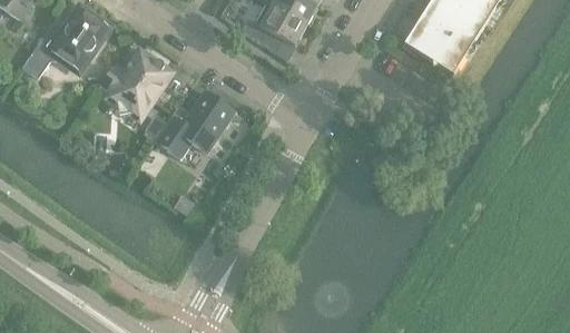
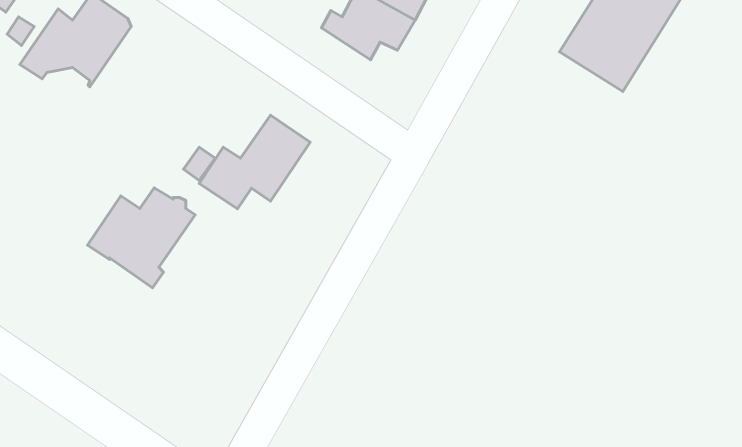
building: [94,52,169,123] -> [87,188,195,288]

